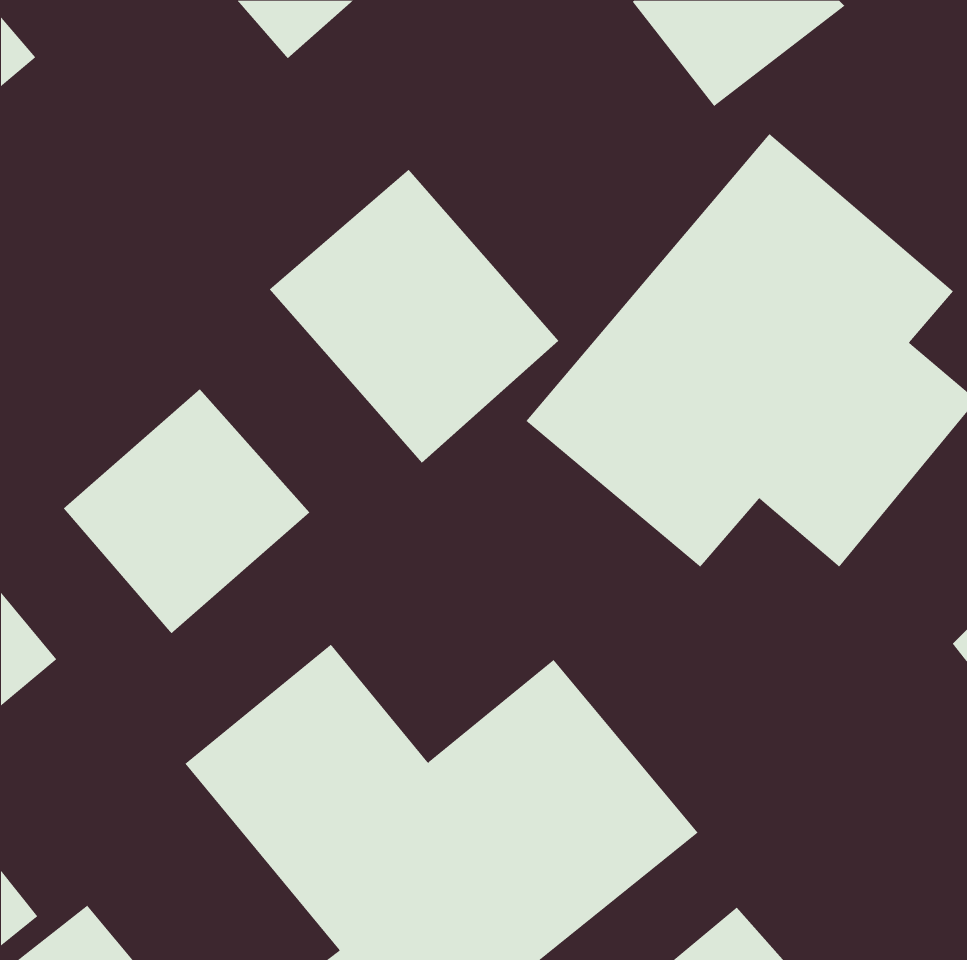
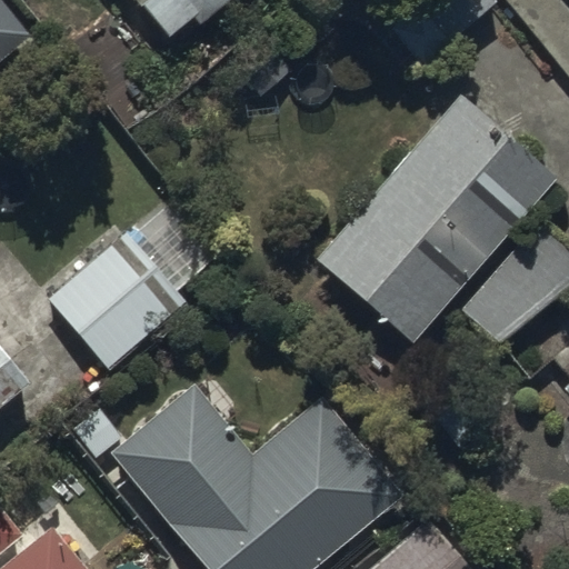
building: [269,169,559,464] -> none

